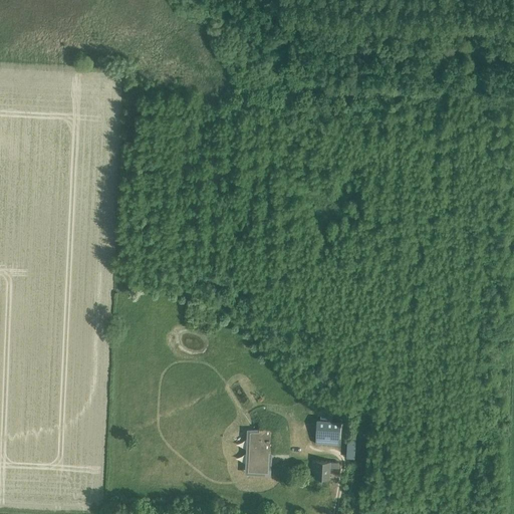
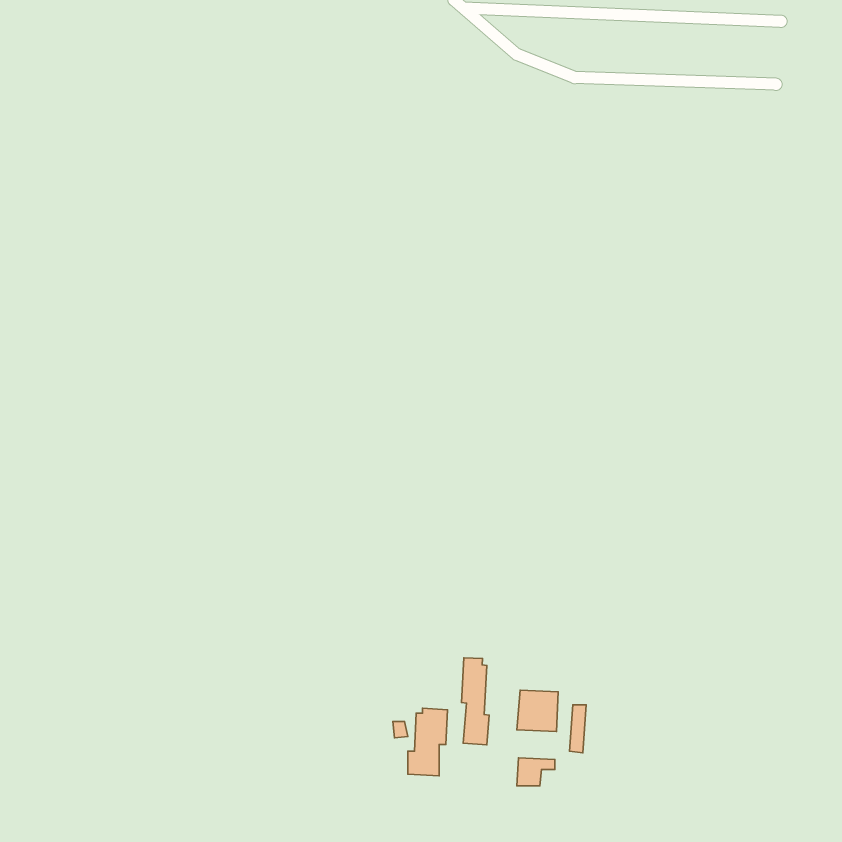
building: none -> [462,658,489,745]

